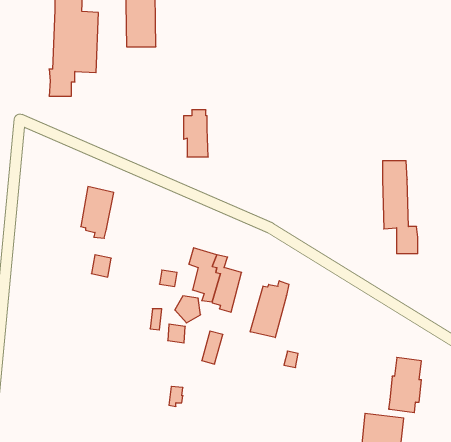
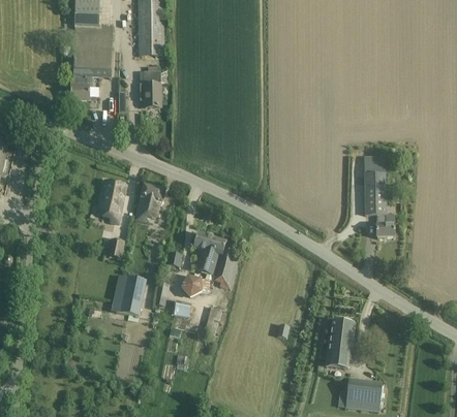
building: [184,110,208,157] -> [140,66,161,107]
building: none -> [133,183,165,222]
building: [250,281,289,338] -> none
building: none -> [111,272,146,317]
building: [389,357,421,413] -> [325,320,354,368]

